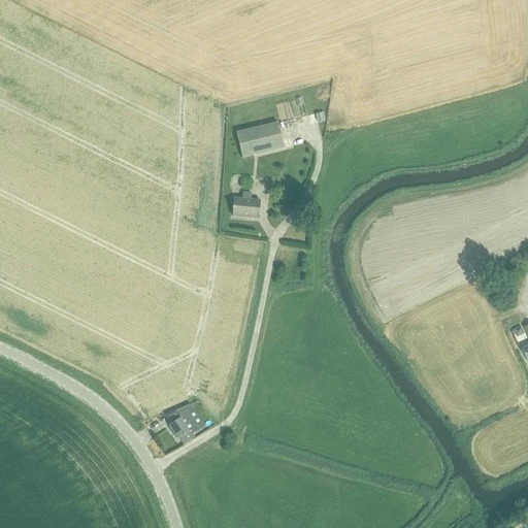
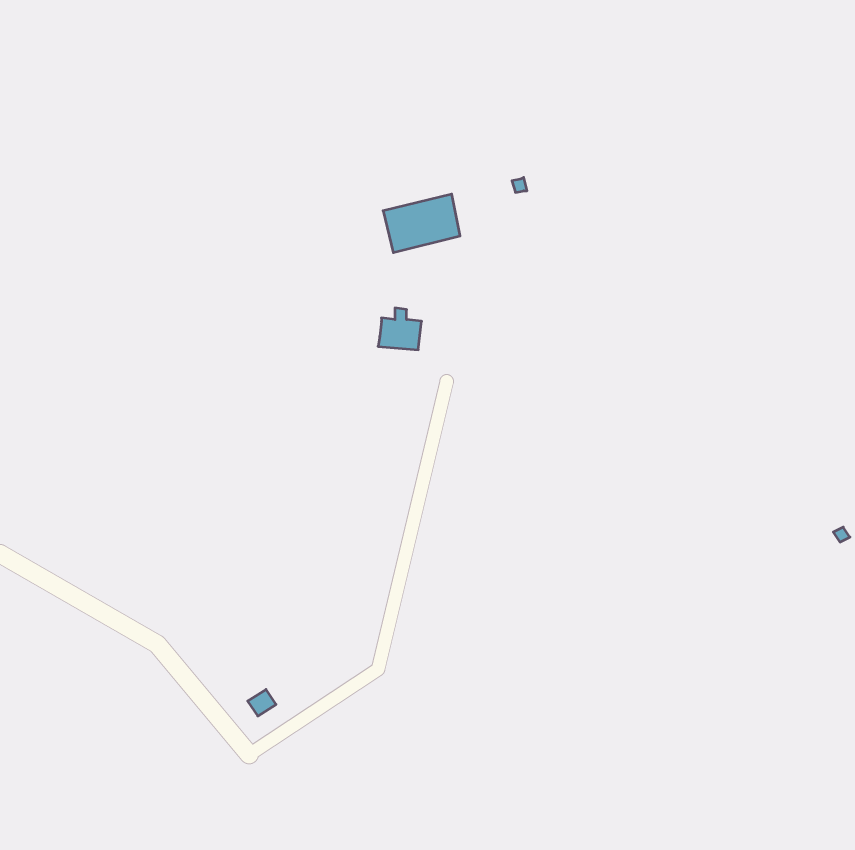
building: [166,402,199,441] -> none

